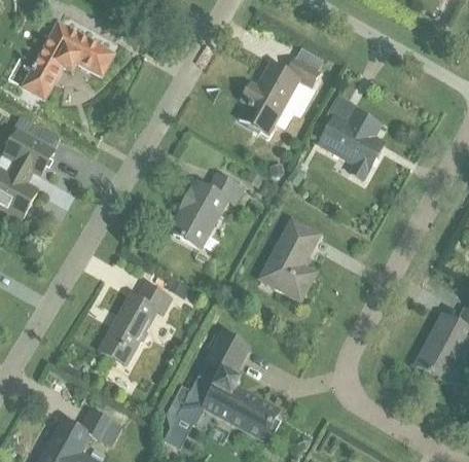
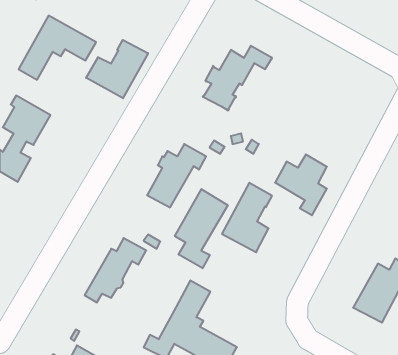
building: none -> [86,40,148,98]
building: [319,109,380,180] -> [275,154,327,215]
building: none -> [175,189,228,268]

